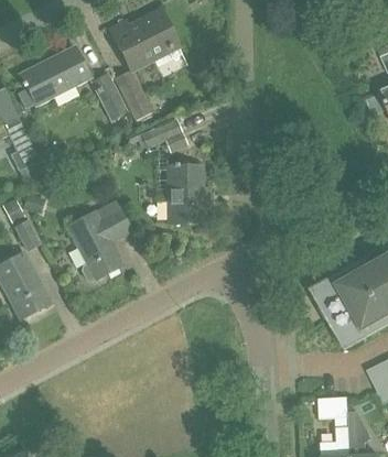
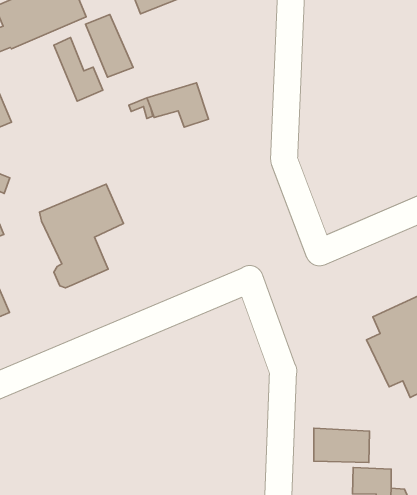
building: [114,72,153,119] -> [54,38,103,101]
building: [169,164,209,222] -> none
building: none -> [314,428,369,463]

